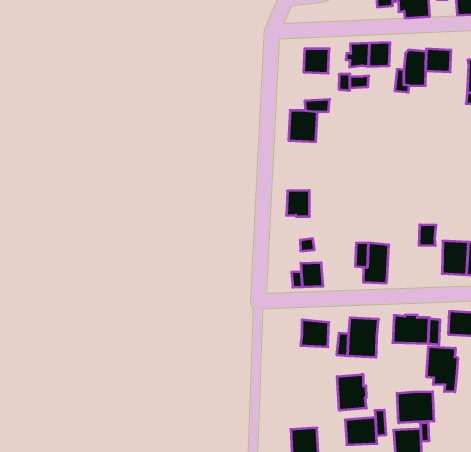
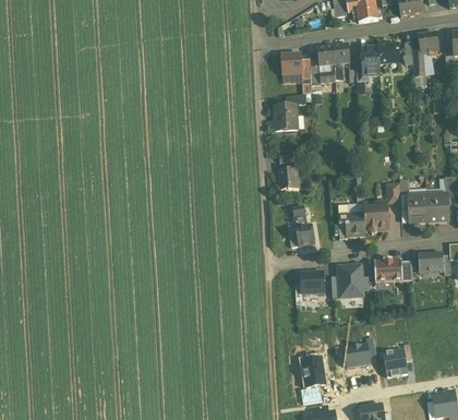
building: none -> [364,204,387,231]
building: [427,347,458,392] -> none
building: [337,374,366,410] -> none
building: [397,392,434,423] -> none

